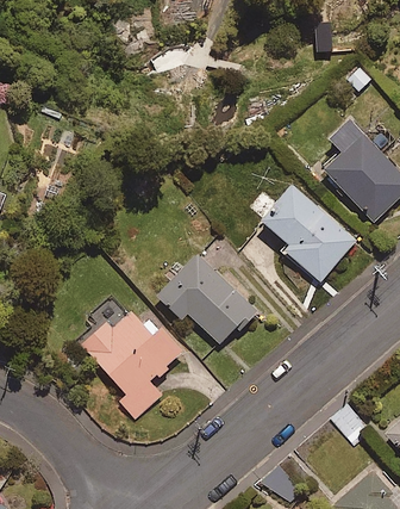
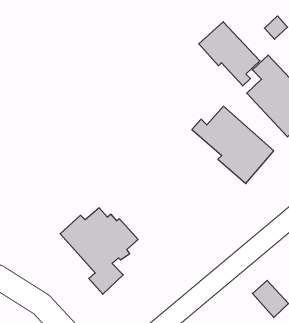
building: none -> [199,22,260,86]
building: [156,253,257,346] -> none

